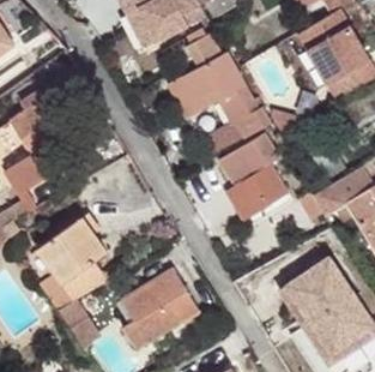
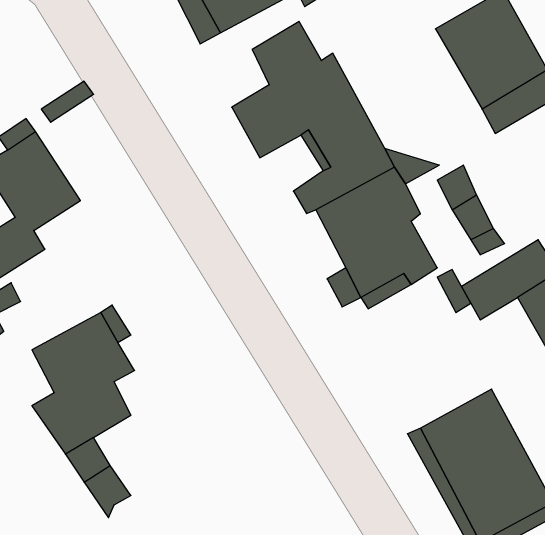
building: [120,264,200,350] -> none

